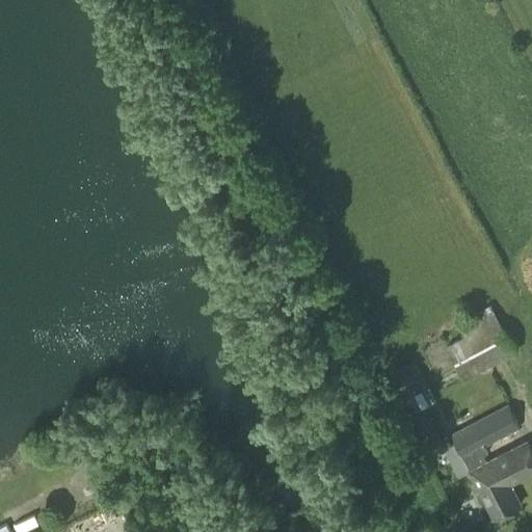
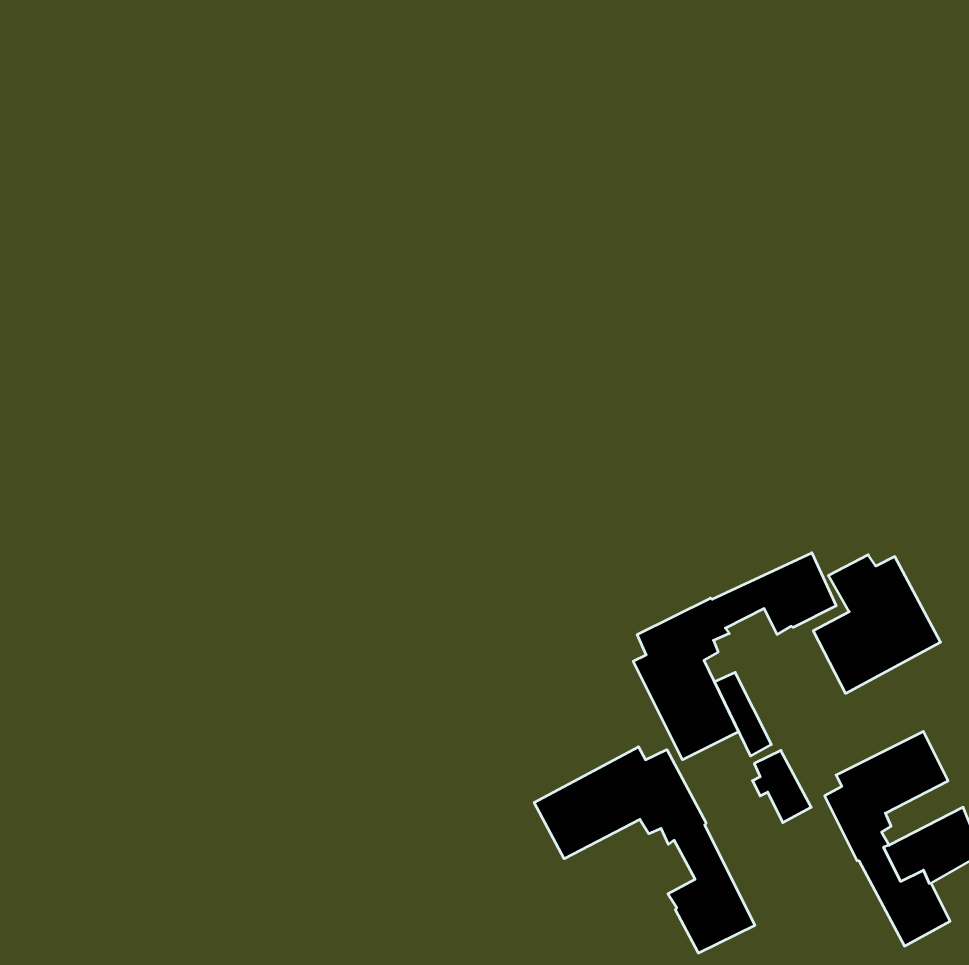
building: none -> [633,553,836,760]
building: none -> [534,747,755,953]

